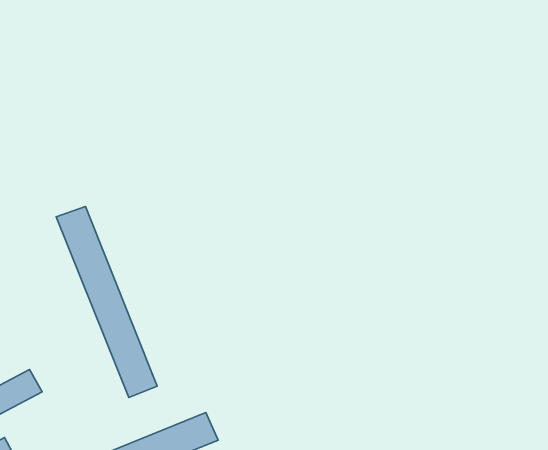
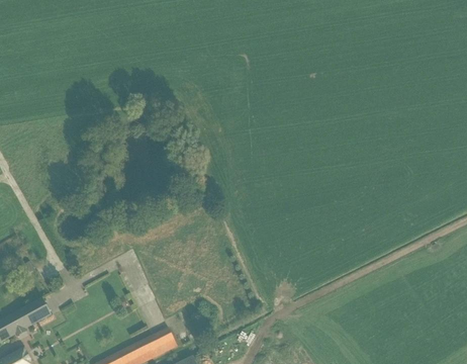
building: [56,207,157,397] -> none

